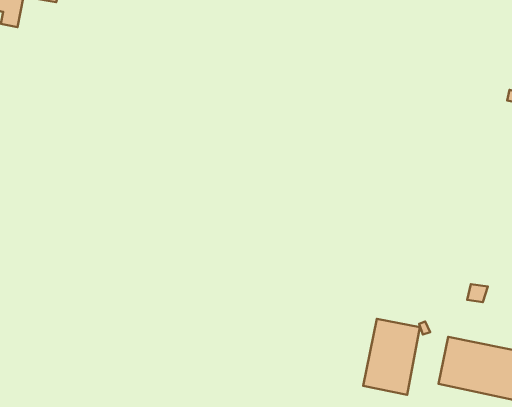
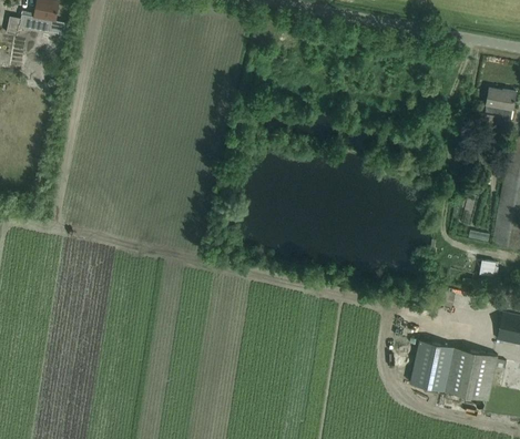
building: [363,319,420,395] -> none

